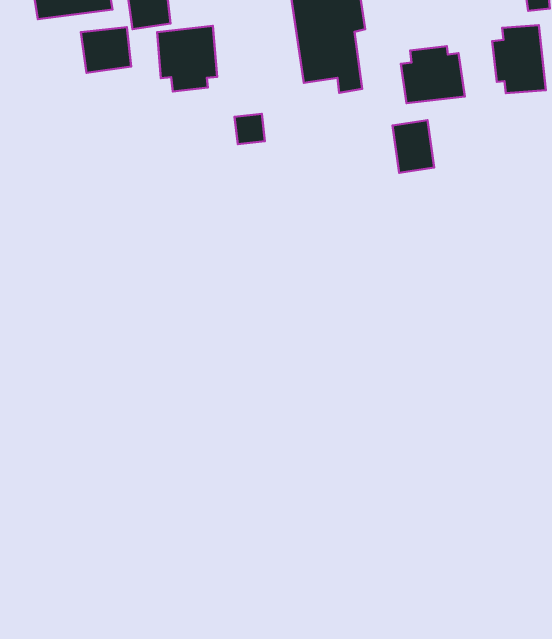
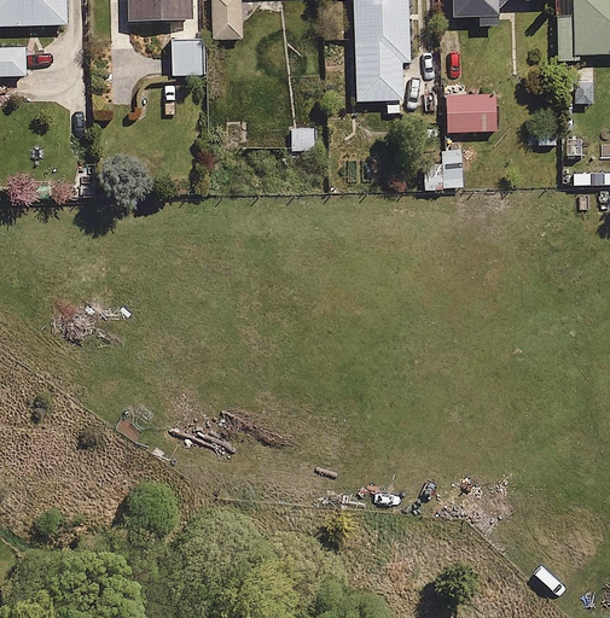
building: [492,25,546,93] -> none
building: [157,26,217,91] -> none

